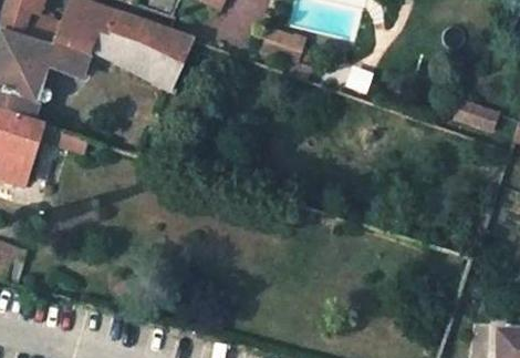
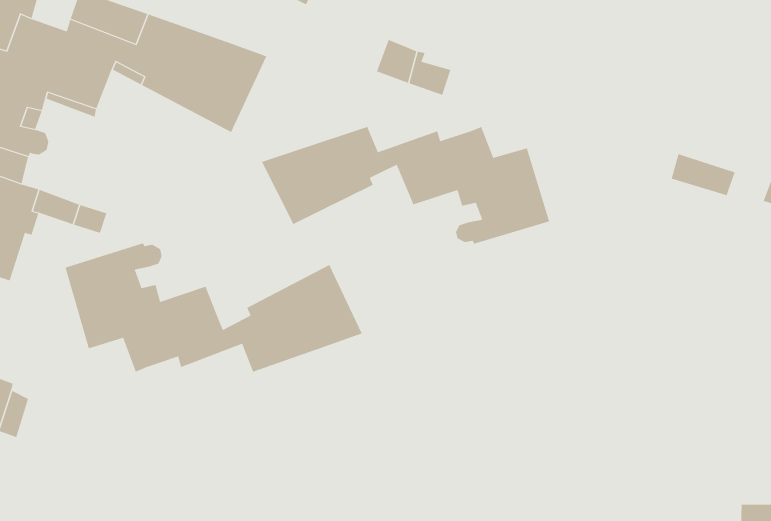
building: none -> [261,126,550,244]
building: none -> [65,242,362,373]

